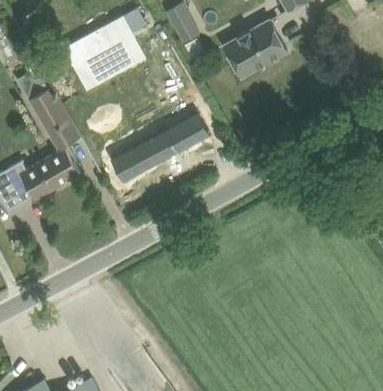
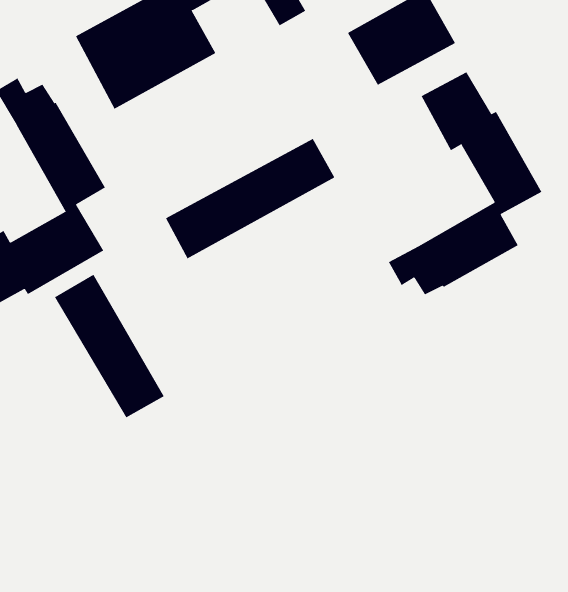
building: none -> [388,71,542,295]
building: none -> [54,274,164,418]

